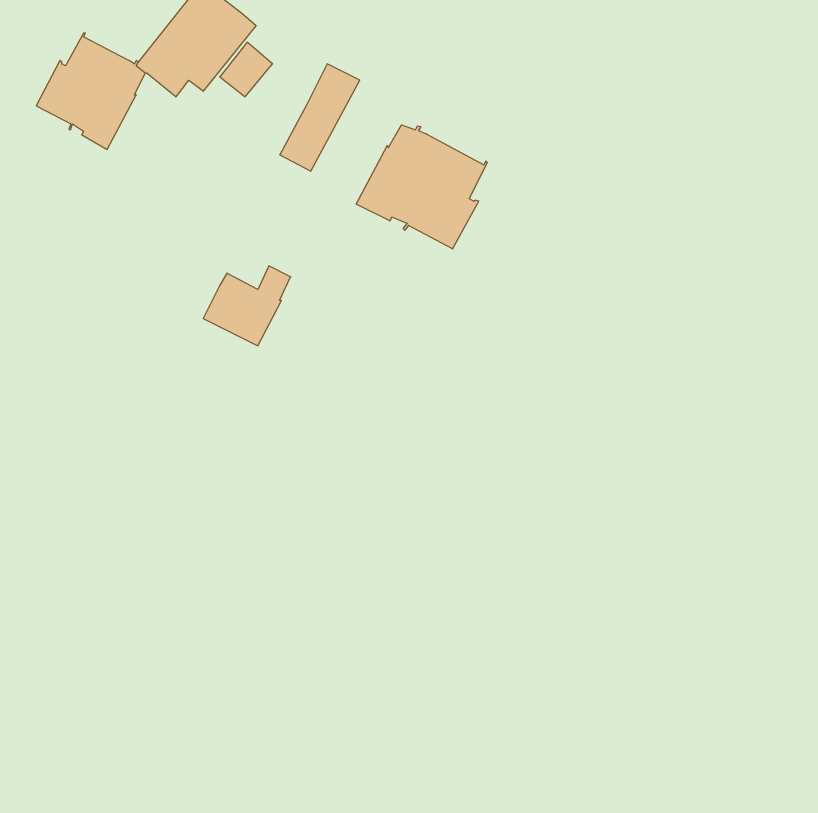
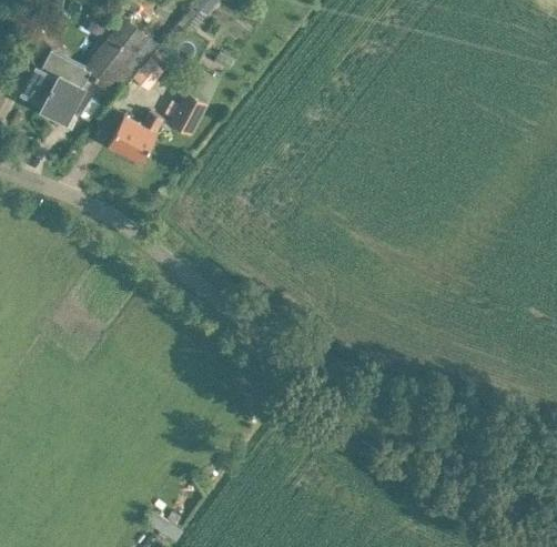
building: [356,125,487,249] -> none
building: [203,266,291,346] -> [109,112,162,161]

